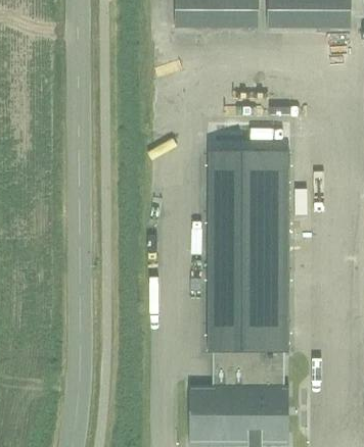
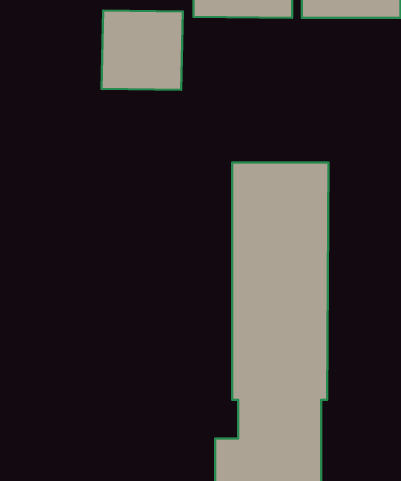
building: none -> [102,11,183,90]

